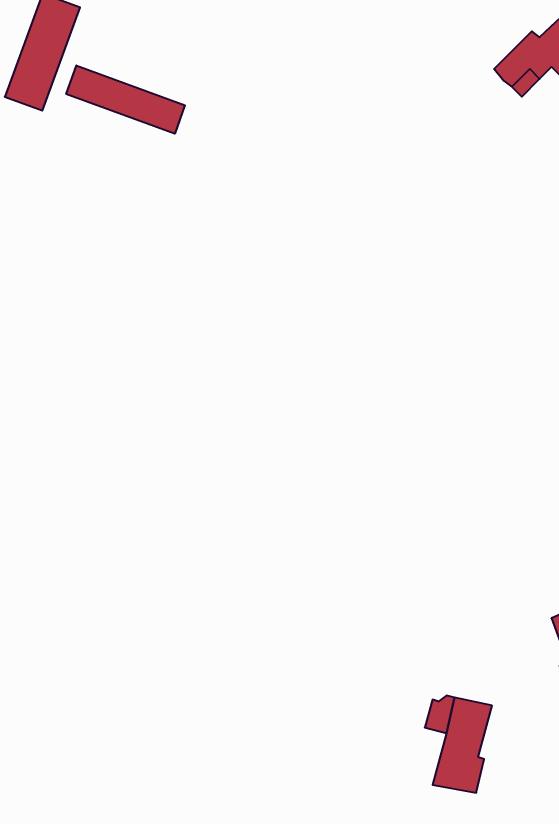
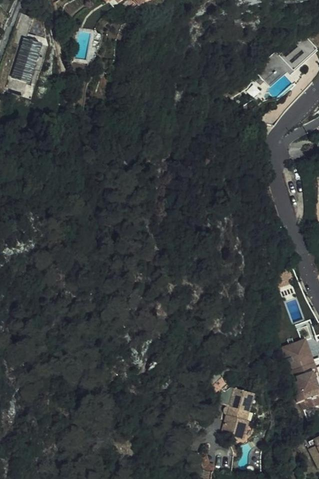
building: [66,65,185,134] -> none

